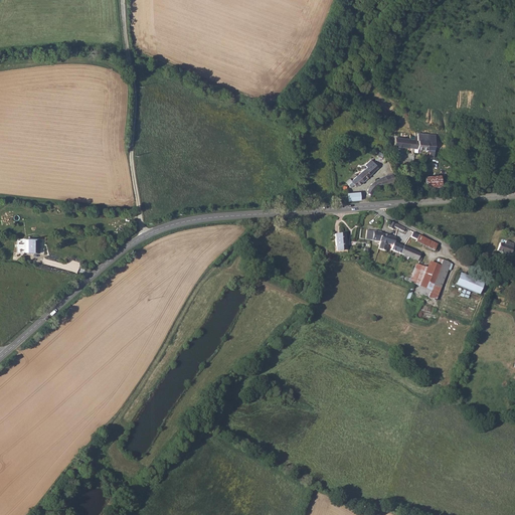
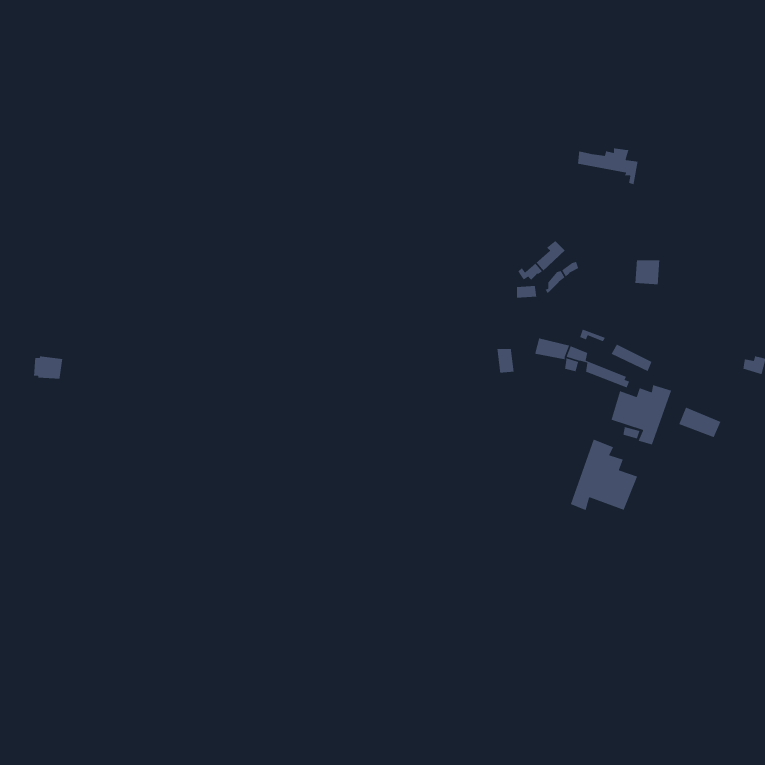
building: [395,135,437,160] -> [577,148,639,185]
building: none -> [570,438,638,511]

